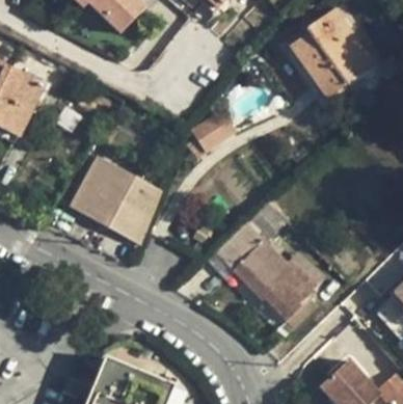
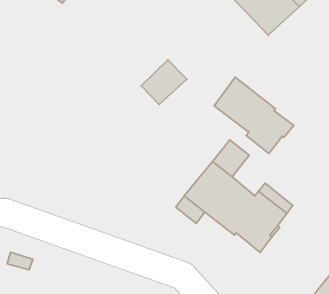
building: none -> [214,77,294,153]
building: [66,158,160,245] -> none

